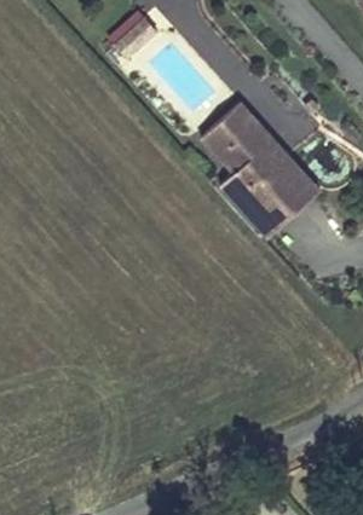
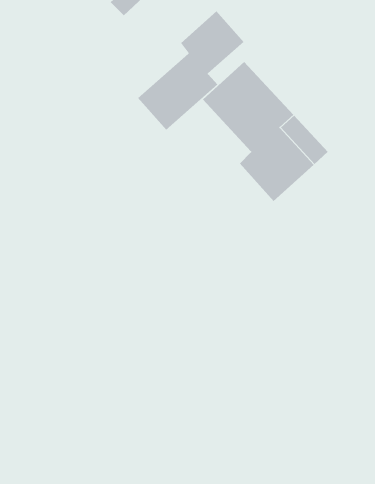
building: none -> [137,11,245,130]

